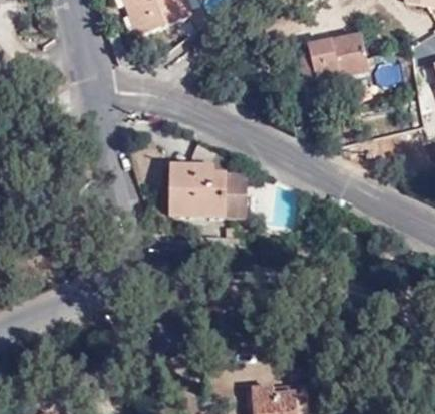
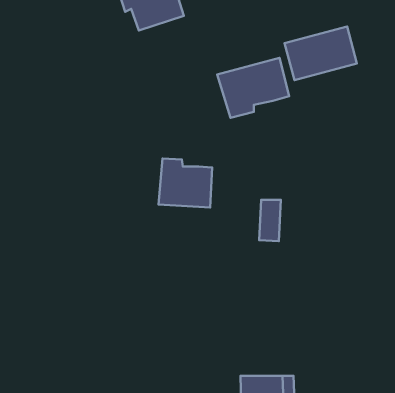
building: none -> [217,58,289,118]
building: [217,173,240,216] -> [259,200,281,241]

